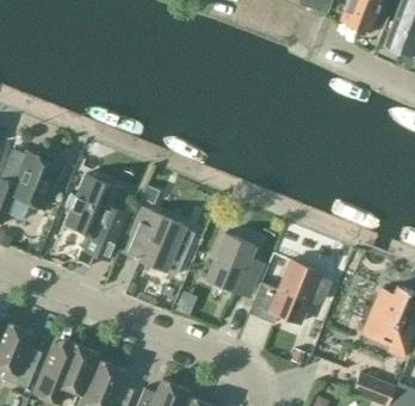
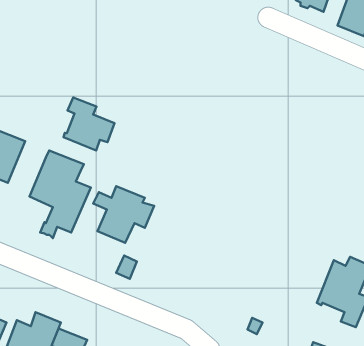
building: none -> [63,97,114,151]
building: [206,232,264,296] -> none
building: [248,259,332,324] -> none

